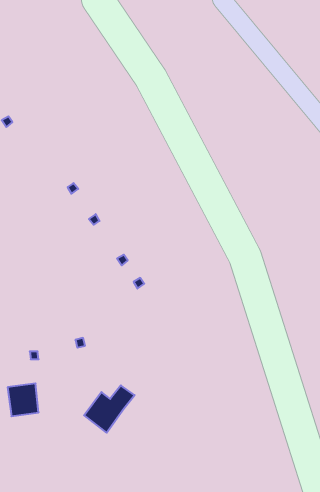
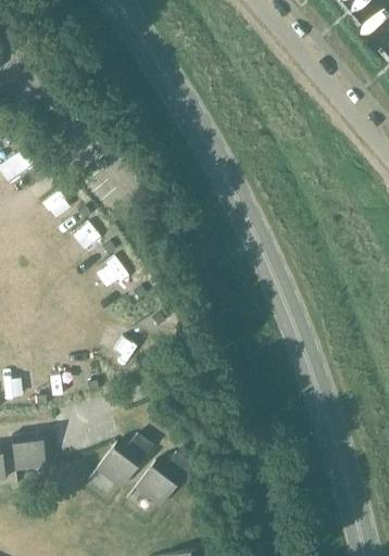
building: none -> [137,453,192,505]

